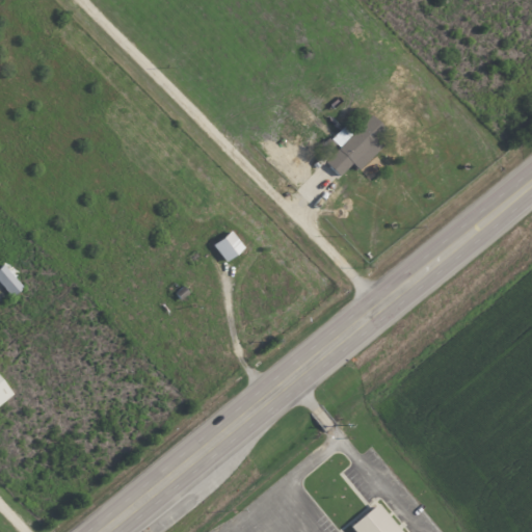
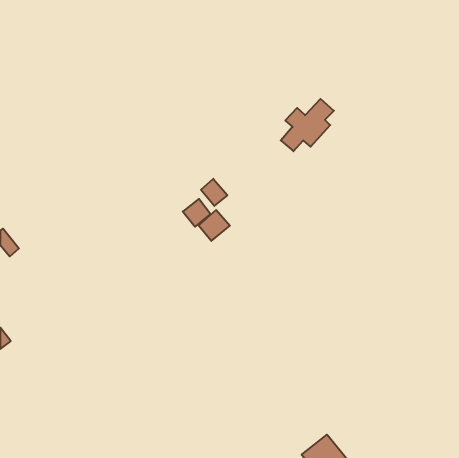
building: none -> [201,179,227,206]
building: none -> [199,210,230,241]

